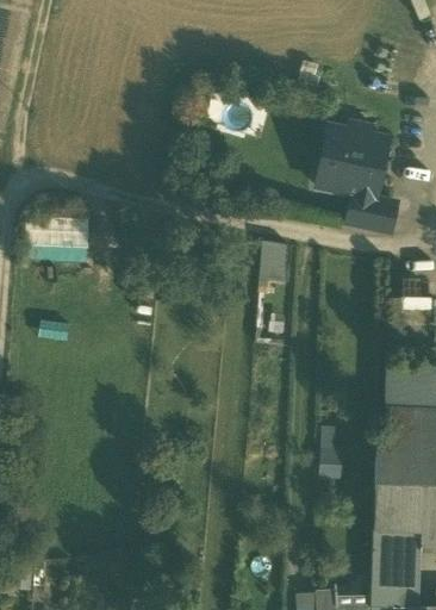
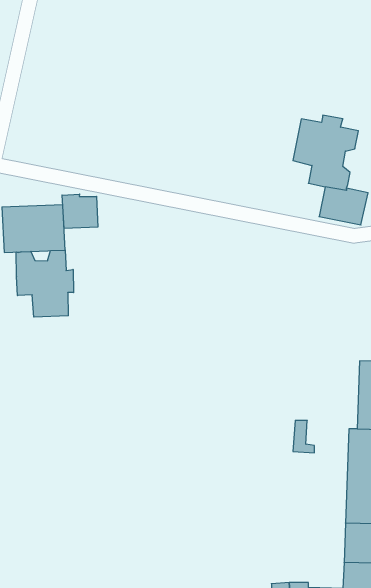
building: none -> [62,194,98,228]
building: [264,243,292,281] -> none
building: none -> [16,250,74,317]

